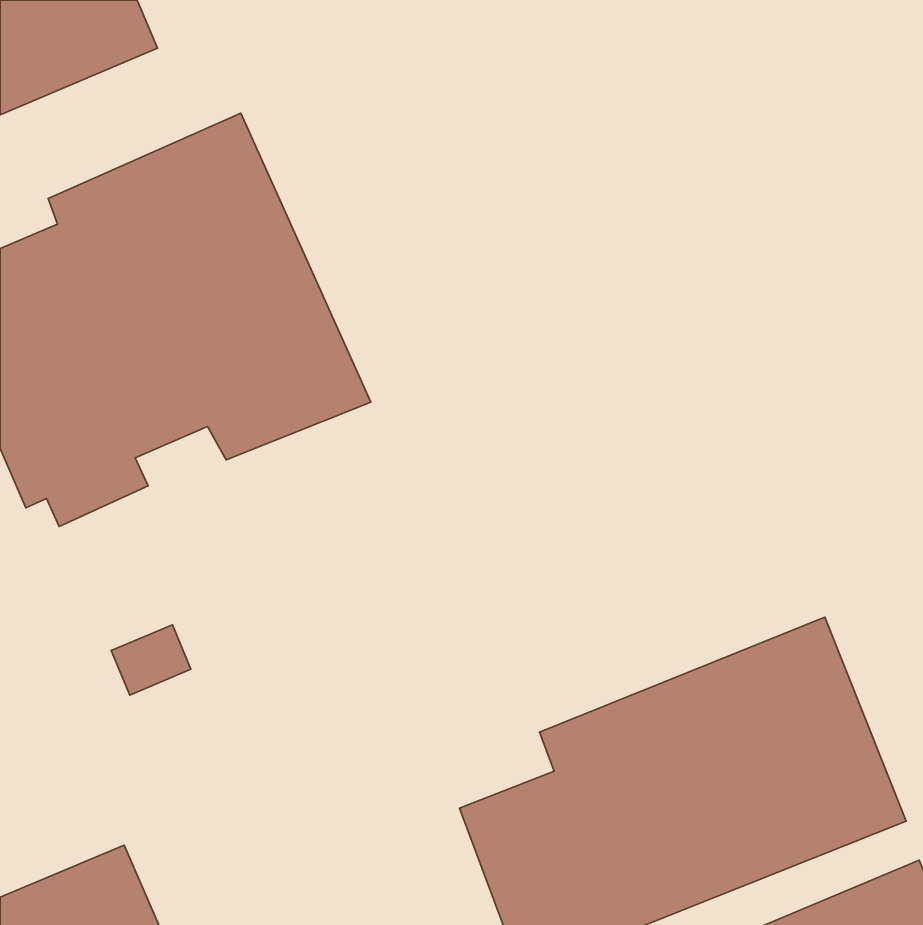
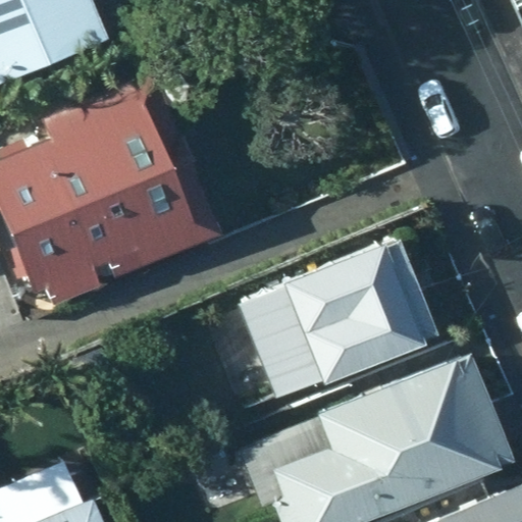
building: none -> [239,244,434,406]

